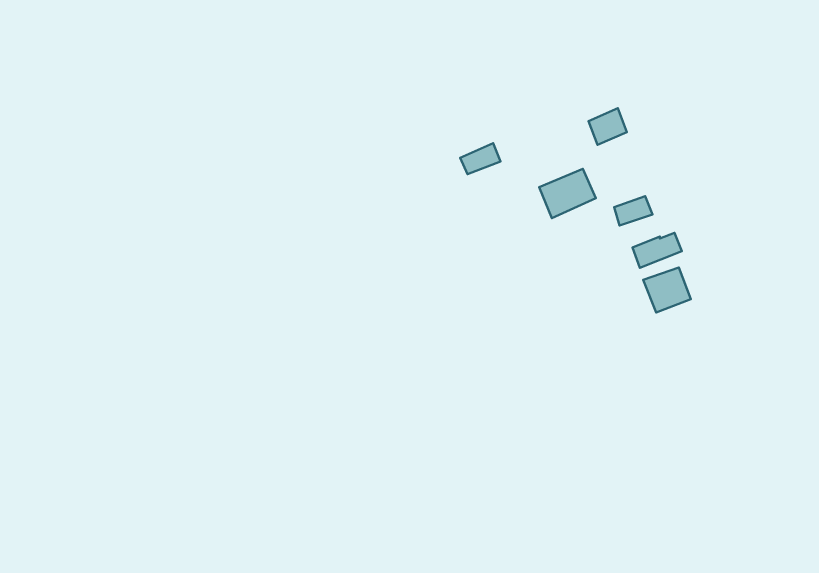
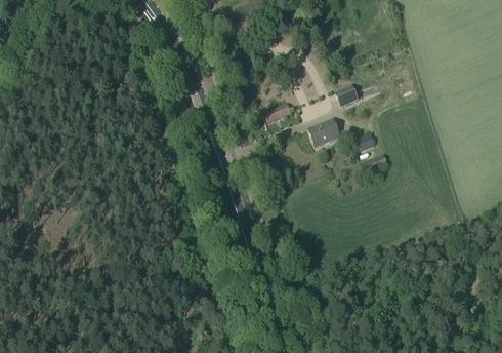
building: [643,268,691,313] -> none

